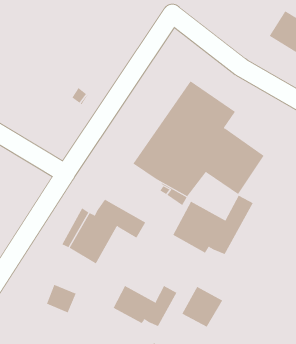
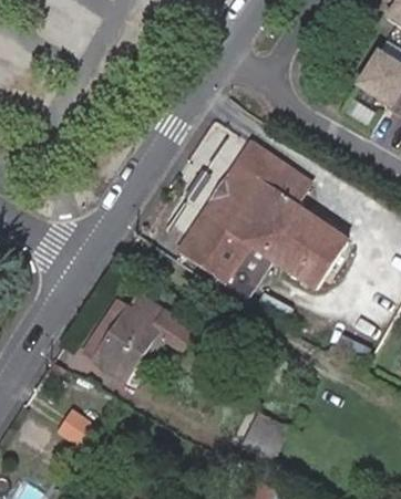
building: [172,195,253,255] -> none
building: [113,285,177,327] -> none

